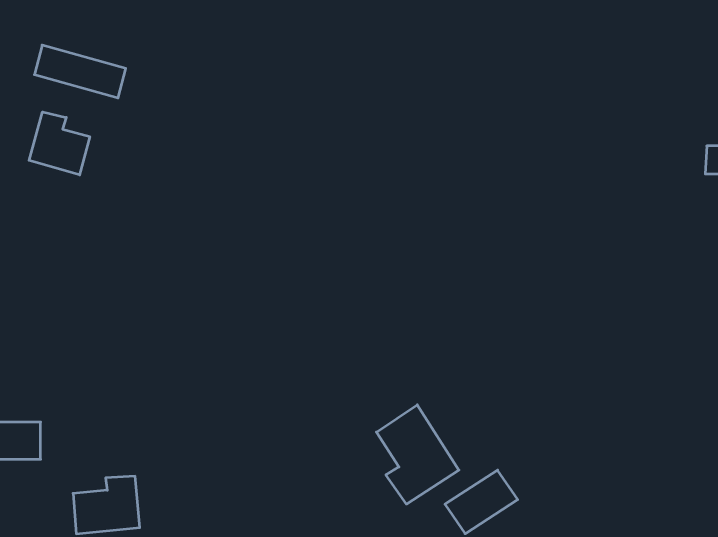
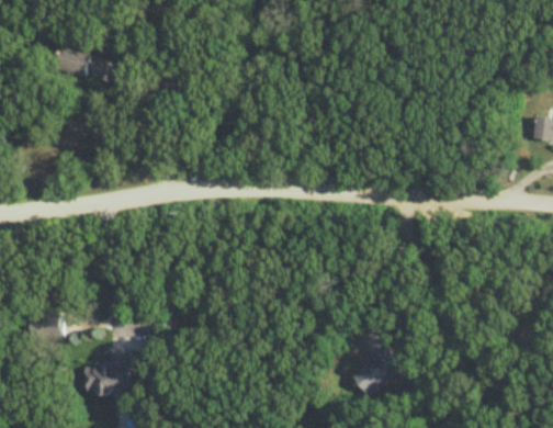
building: [29,112,90,175] -> none
building: [376,405,459,504] -> none

